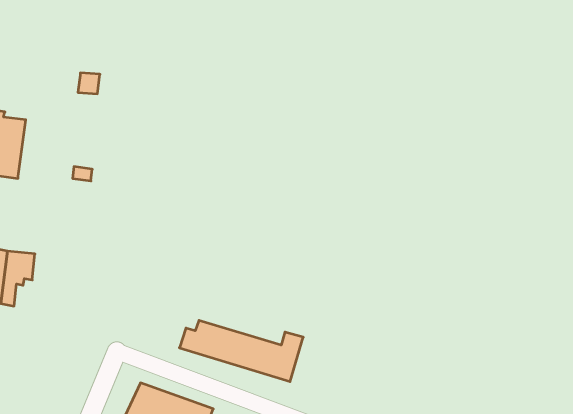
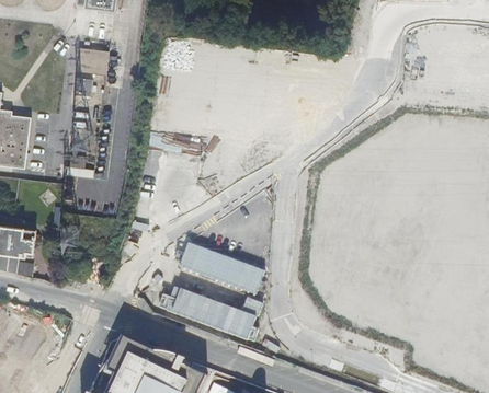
building: none -> [72,47,105,73]
building: none -> [177,240,264,293]

